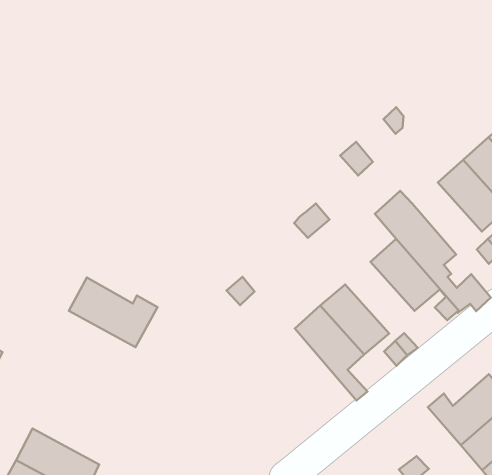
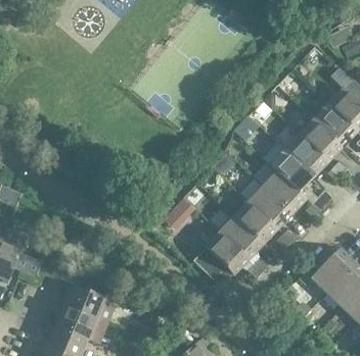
building: none -> [284,134,328,176]
building: none -> [248,186,291,228]
building: [69,278,157,347] -> [63,285,118,324]
building: none -> [192,231,261,286]

